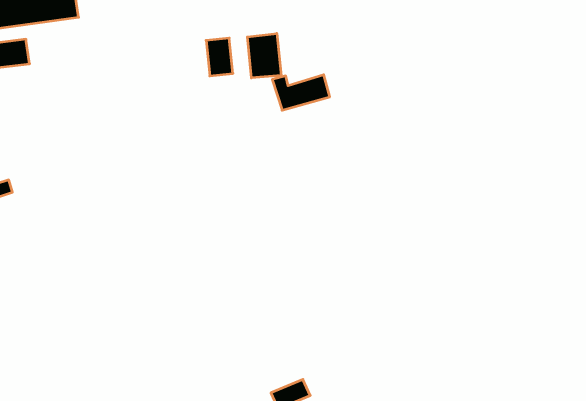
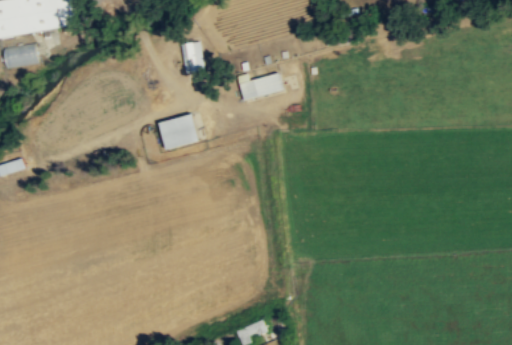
building: [247,33,281,78] -> none
building: none -> [159,113,200,149]

